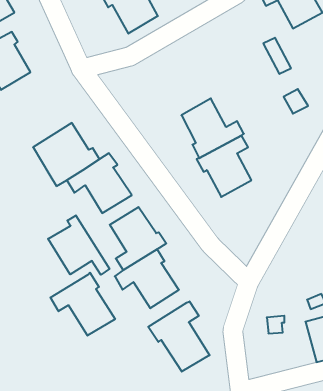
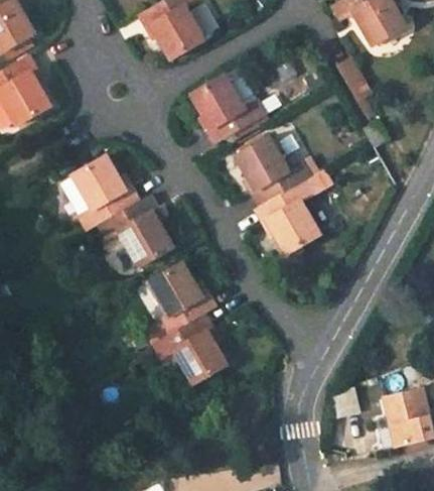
building: none -> [192,64,267,140]
building: [48,215,109,275] -> none
building: [50,273,115,336] -> none
building: [148,301,210,372] -> none

